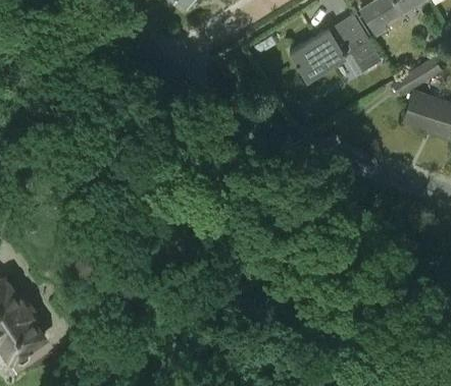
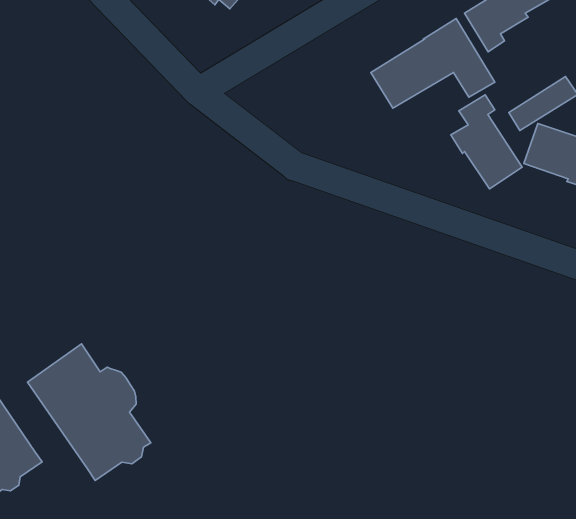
building: none -> [451,95,522,189]
building: none -> [28,344,151,480]

